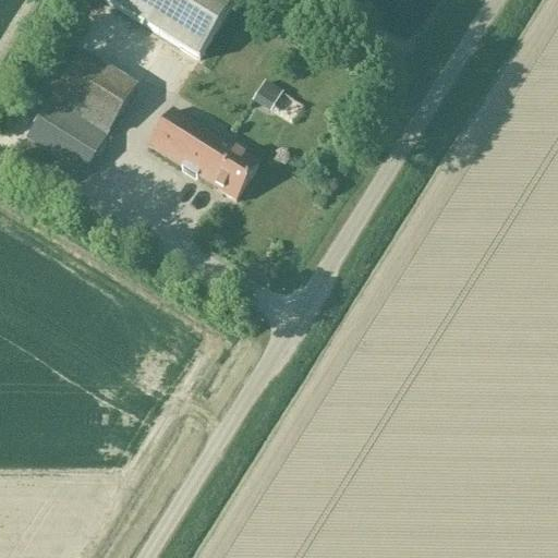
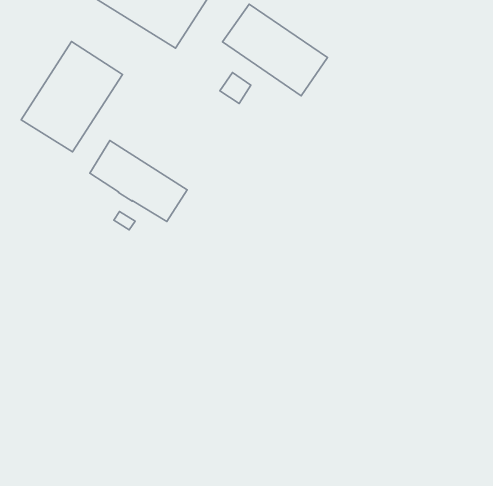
building: none -> [222,4,327,96]
building: [148,105,258,196] -> [90,140,187,222]

